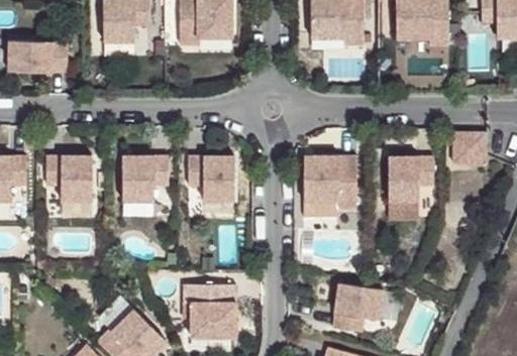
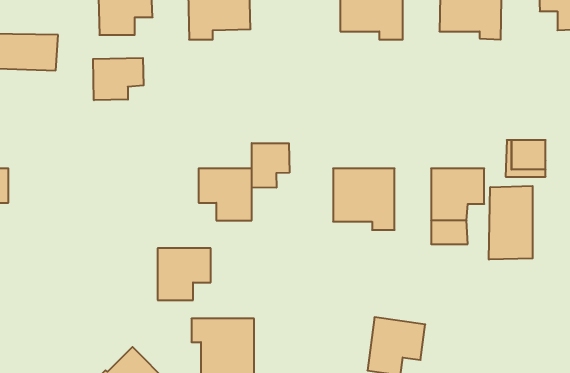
building: none -> [93,58,144,100]
building: none -> [252,143,289,188]
building: [46,156,92,201] -> none
building: [123,156,169,201] -> [158,248,211,300]
building: none -> [489,186,533,260]

